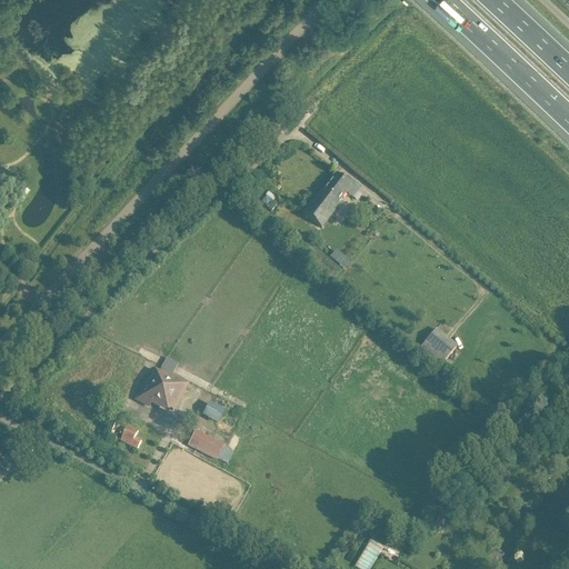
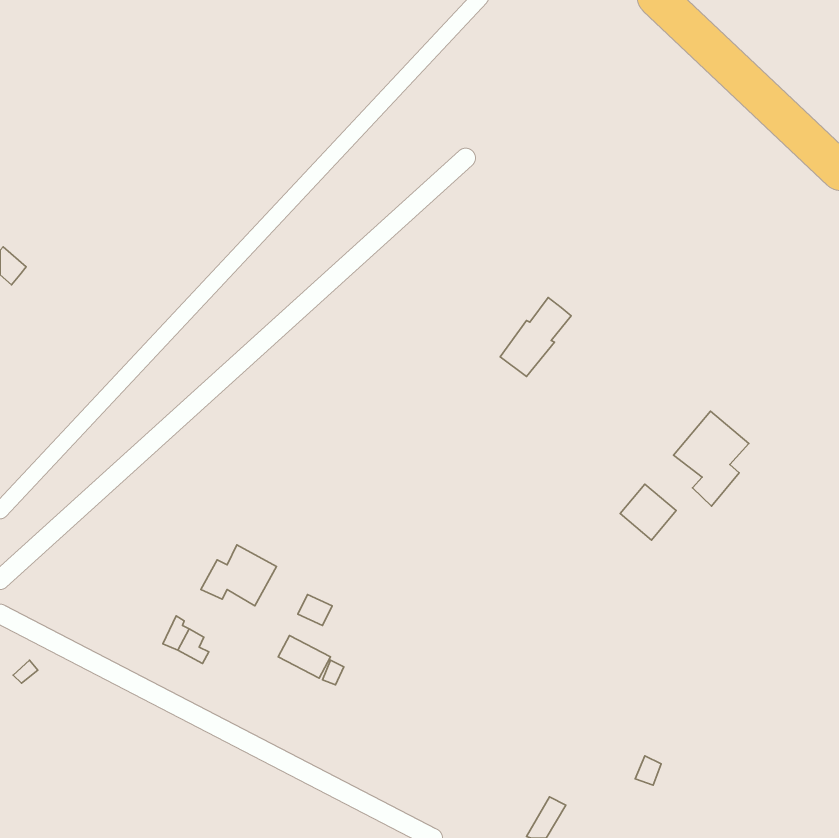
building: [305,172,352,226] -> [500,298,571,377]
building: none -> [673,411,749,506]

